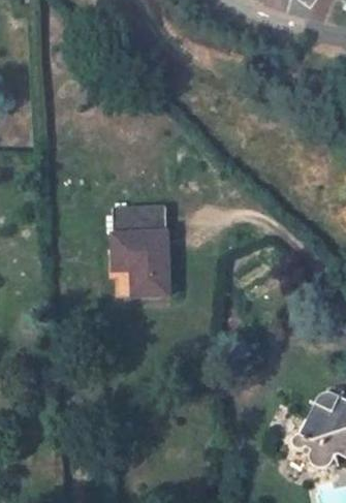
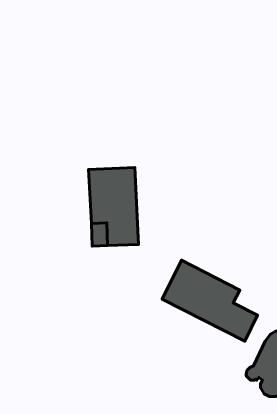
building: none -> [162,260,257,341]

